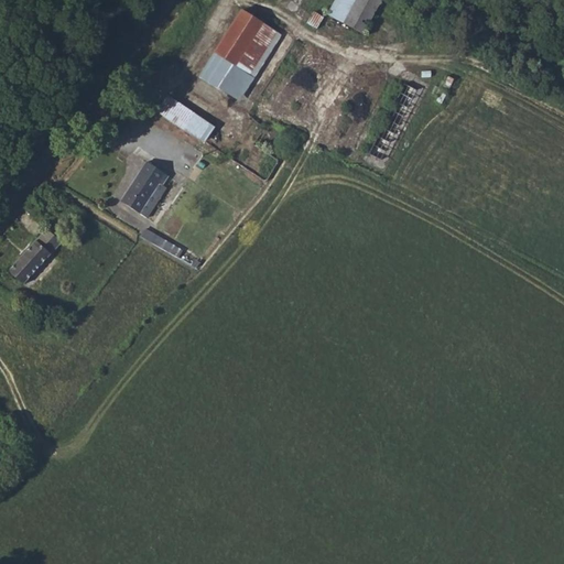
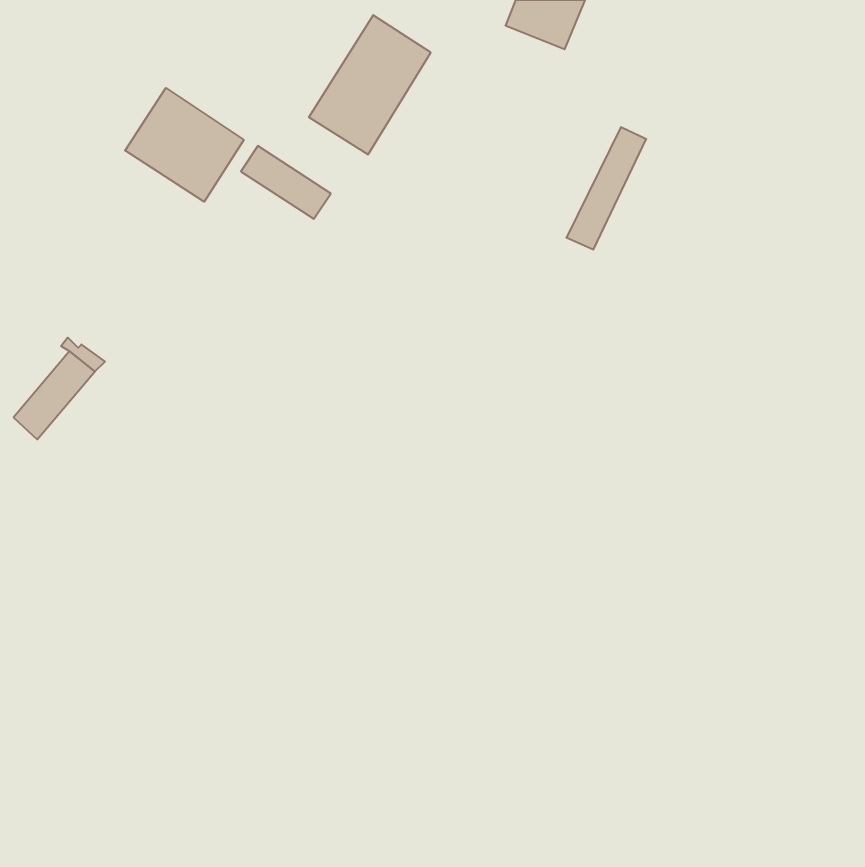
building: none -> [125,88,244,202]
building: [123,158,171,208] -> none

